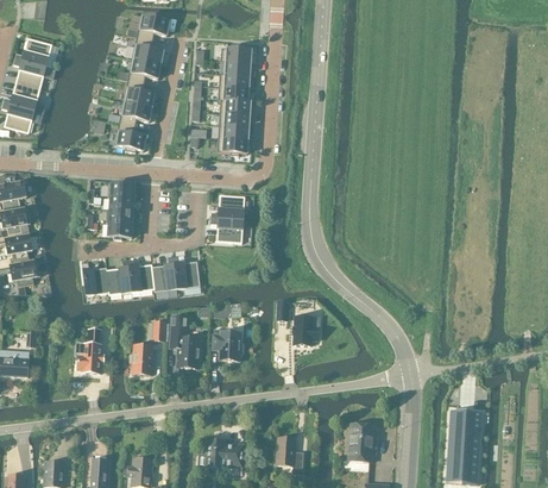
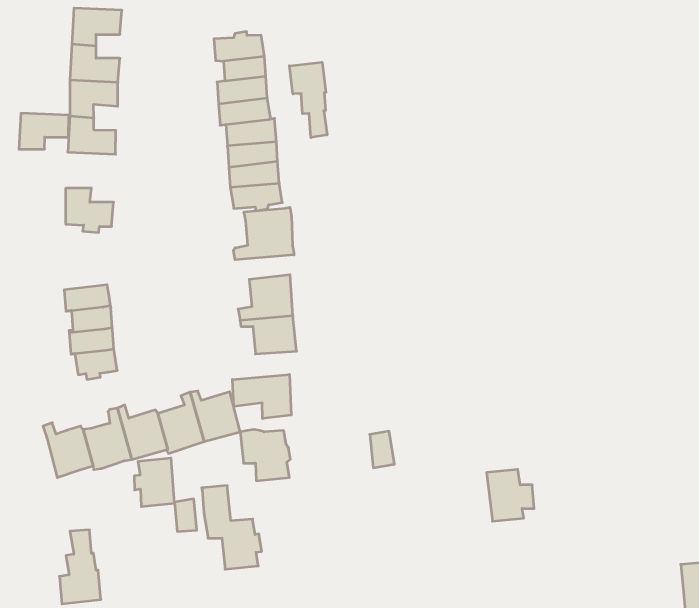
building: none -> [289,62,327,138]
building: [120,101,153,125] -> [19,113,69,149]
building: none -> [233,207,294,260]
building: none -> [232,374,291,419]
building: [294,314,321,345] -> [487,469,534,521]
building: [214,329,242,361] -> [240,430,290,481]
building: [130,345,155,374] -> [134,458,174,507]

